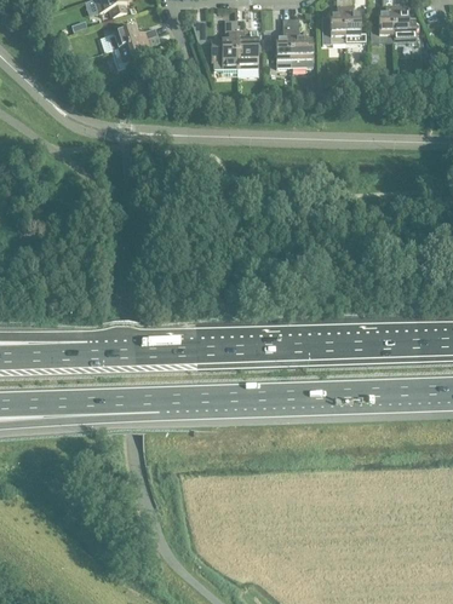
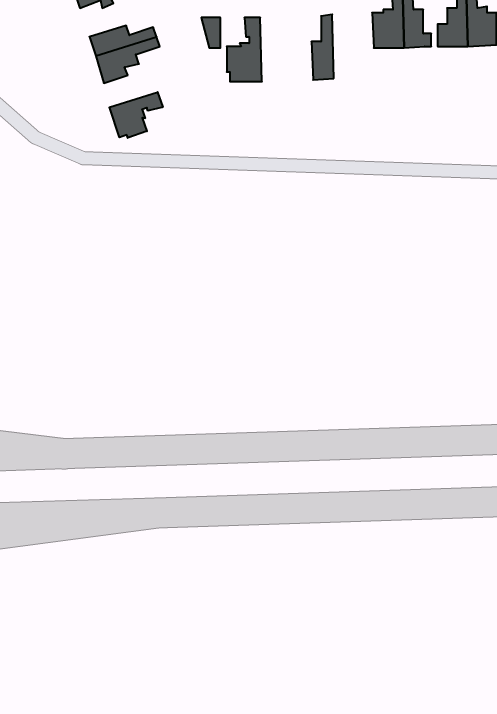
building: [291,17,312,65] -> none
building: [236,18,258,68] -> none
building: none -> [109,92,163,138]

